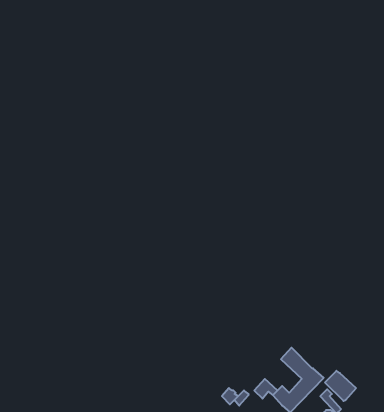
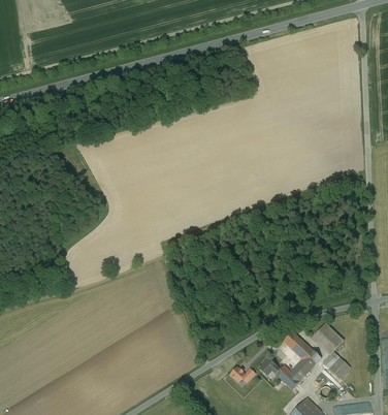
building: none -> [314,324,343,352]

